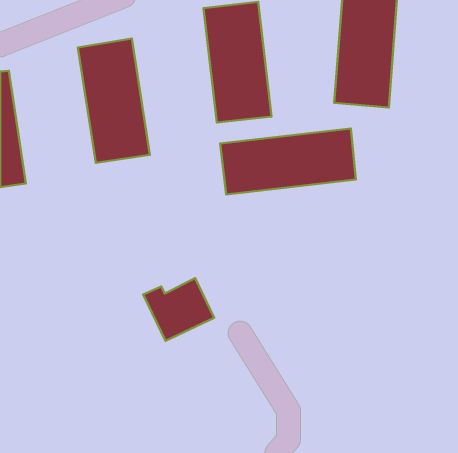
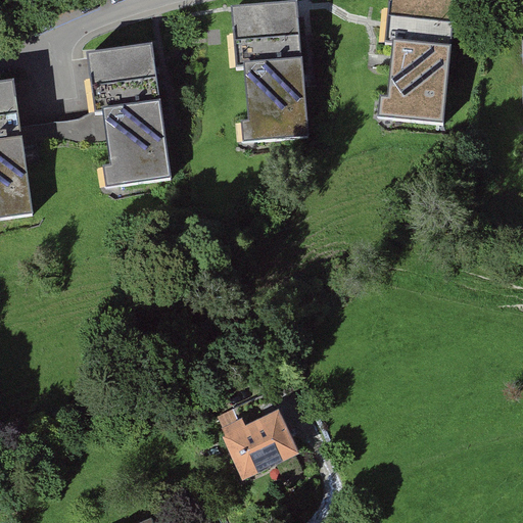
building: [220,128,356,195] -> none
building: [143,278,214,341] -> [218,401,298,473]

